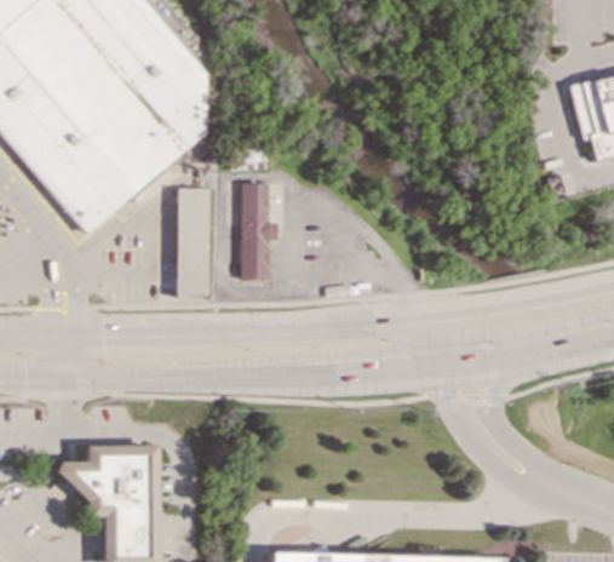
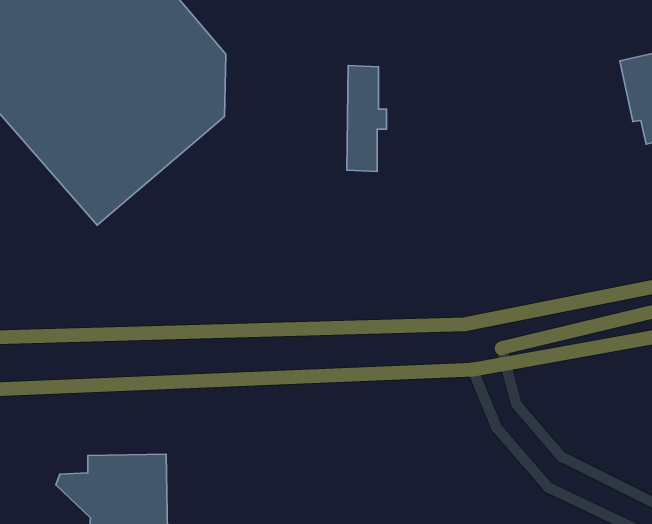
building: [240,182,276,279] -> [347,65,387,171]
building: [174,188,207,297] -> none

